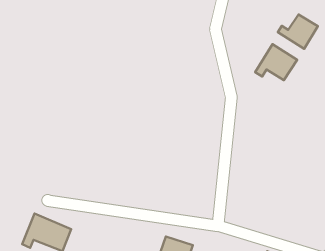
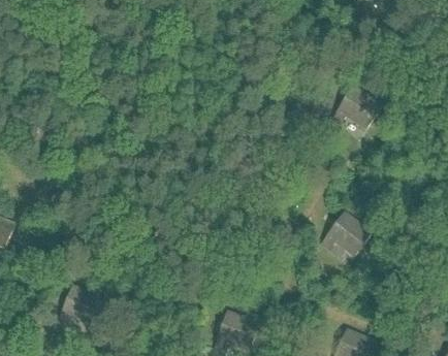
building: [278,14,318,49] -> none
building: none -> [321,211,372,254]

